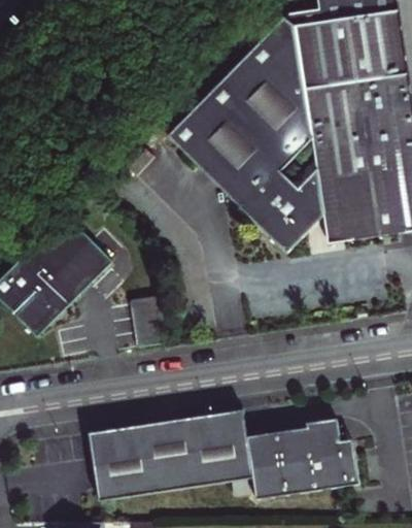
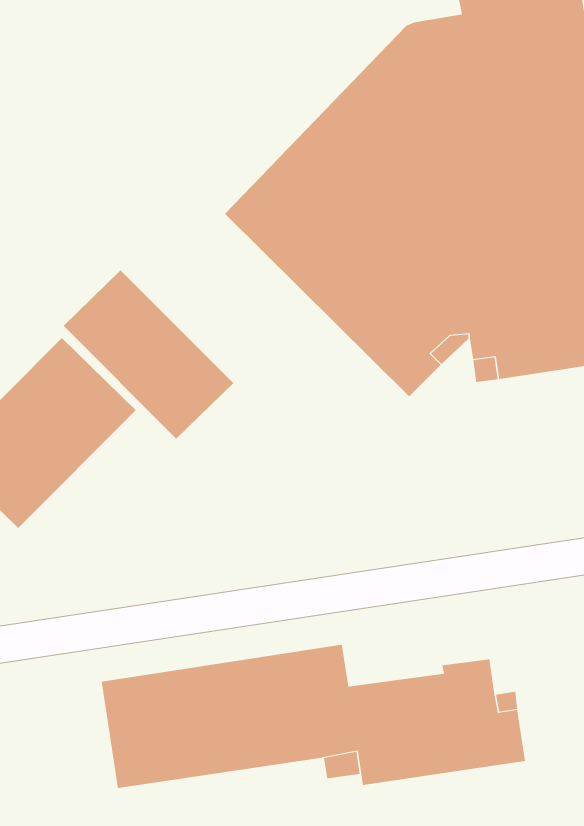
building: none -> [63,270,234,439]
building: [127,297,166,345] -> none

